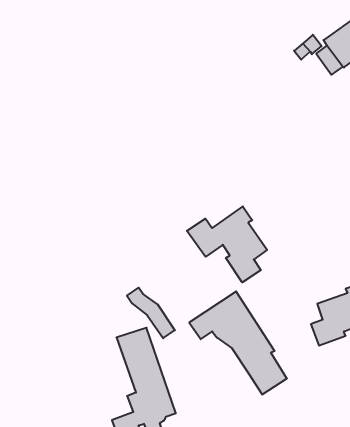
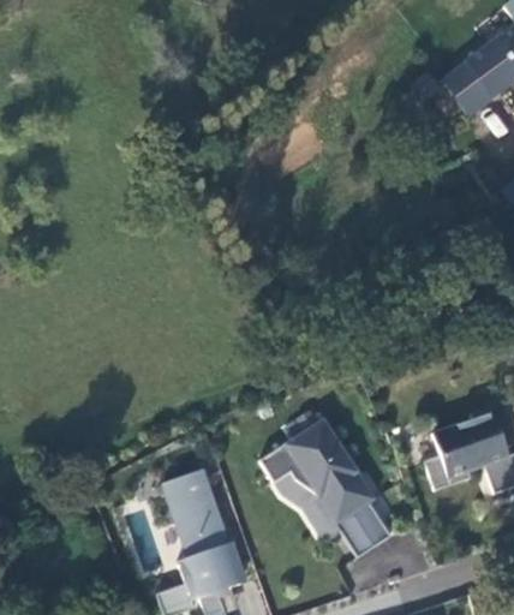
building: [187,206,267,282] -> none
building: [127,288,175,338] -> [276,471,341,539]

